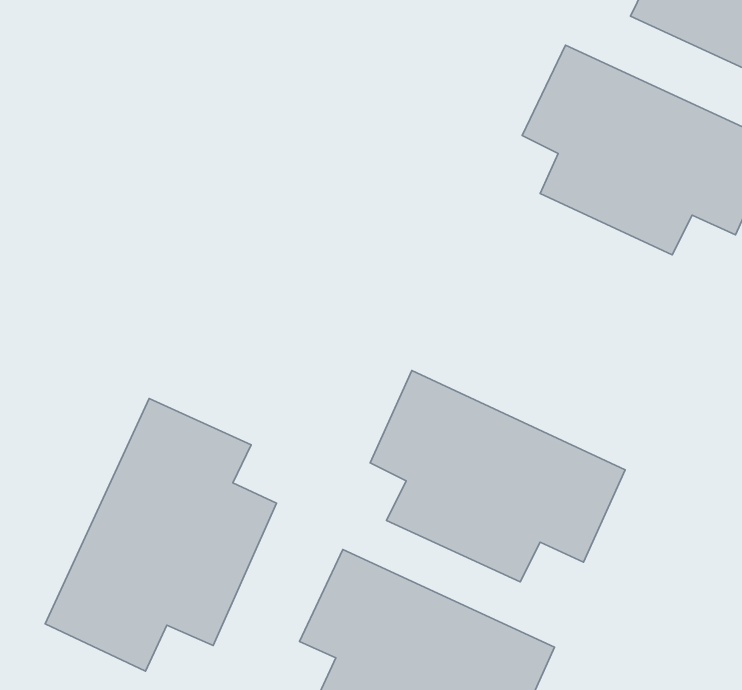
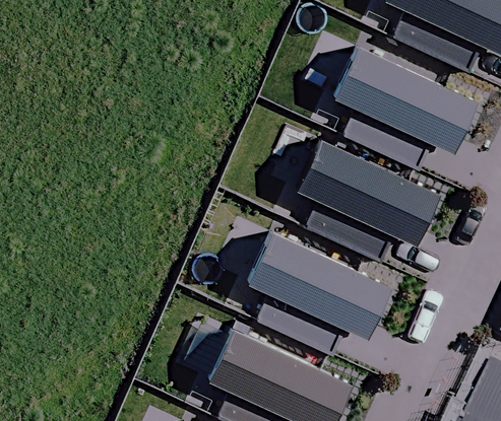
building: none -> [296,140,440,259]
building: [45,399,276,671] -> none

